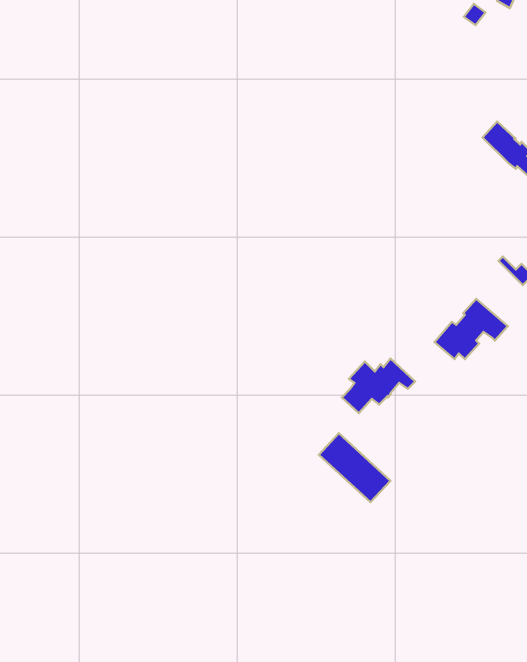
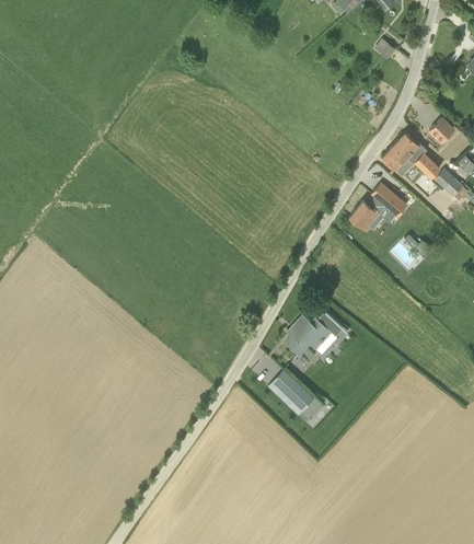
building: none -> [382,143,413,174]
building: [435,299,508,359] -> [349,183,405,229]

